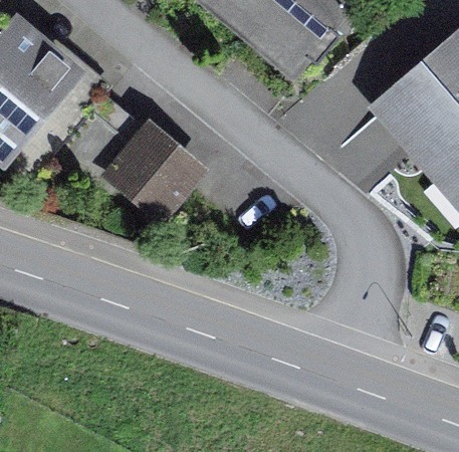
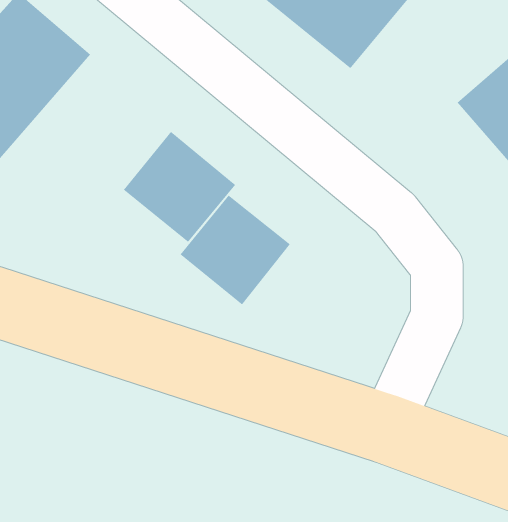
building: none -> [179,194,291,306]

